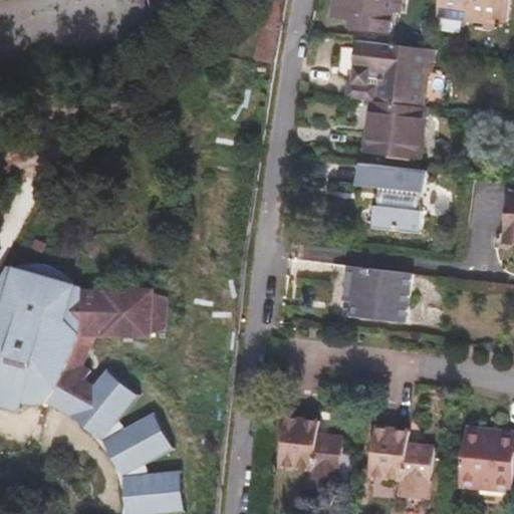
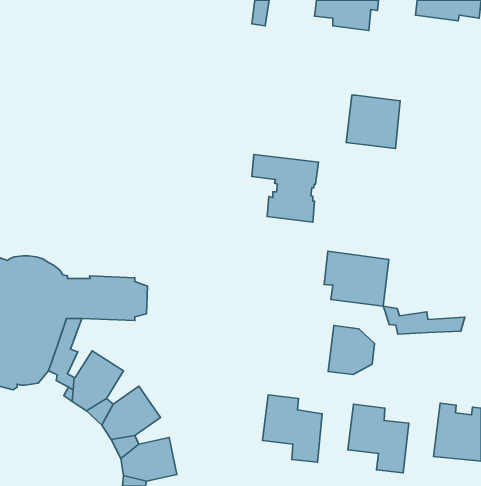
building: [347,40,433,106] -> none
building: [356,162,427,233] -> [252,155,318,222]
building: none -> [383,306,465,334]
building: none -> [328,326,374,375]

